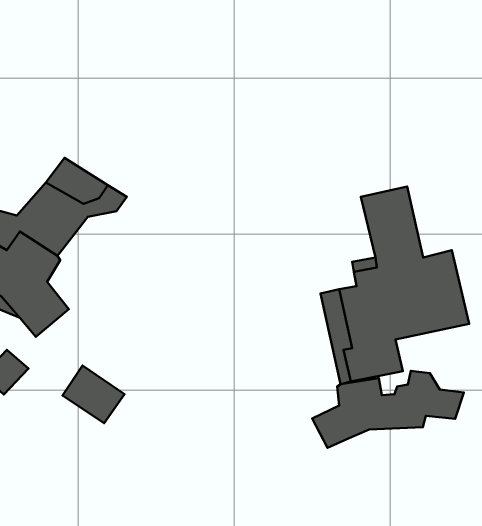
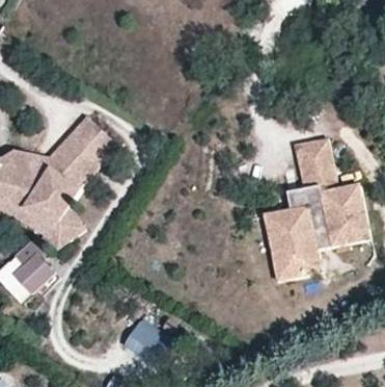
building: [62,365,125,423] -> [122,324,167,365]
building: [312,371,464,448] -> none

